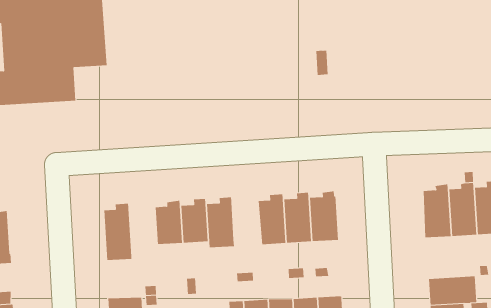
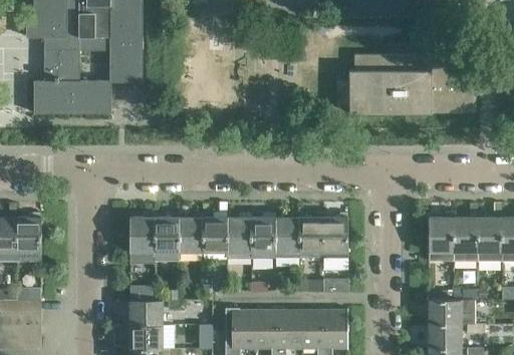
building: none -> [349,53,476,112]
building: none -> [250,212,275,258]
building: none -> [154,212,178,262]

